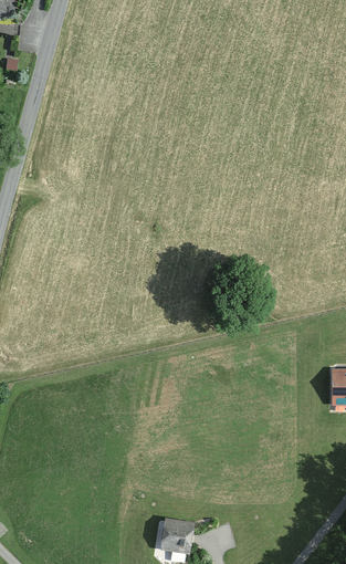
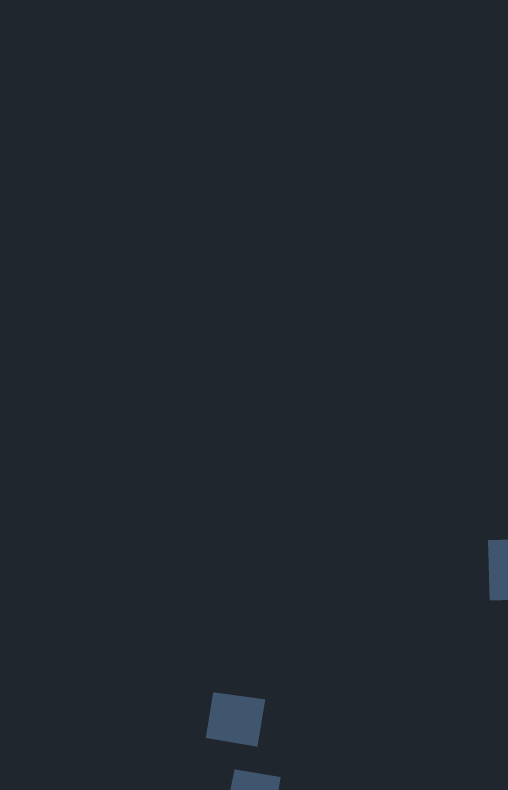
building: none -> [205,691,266,748]

